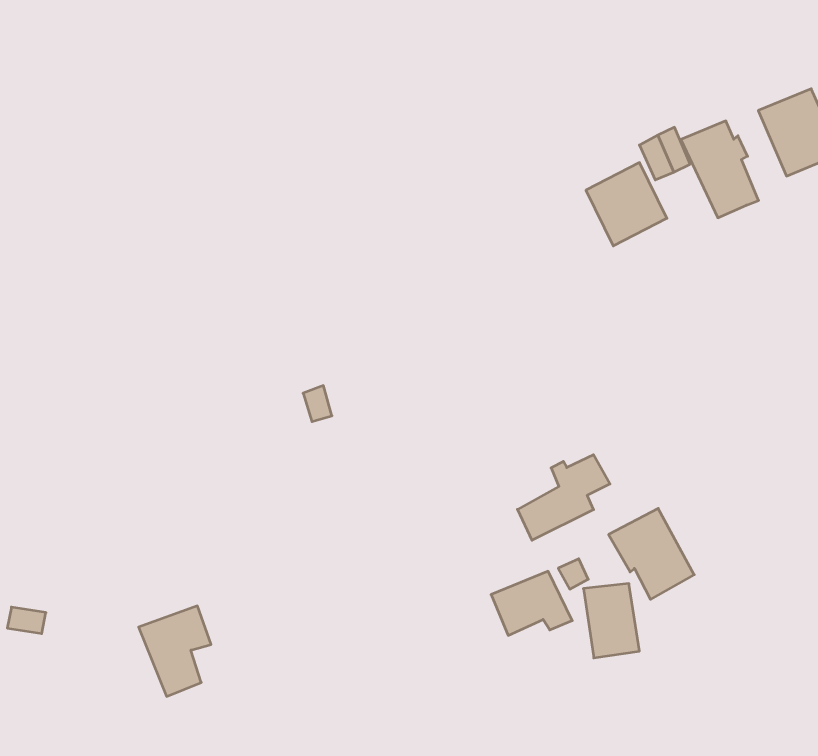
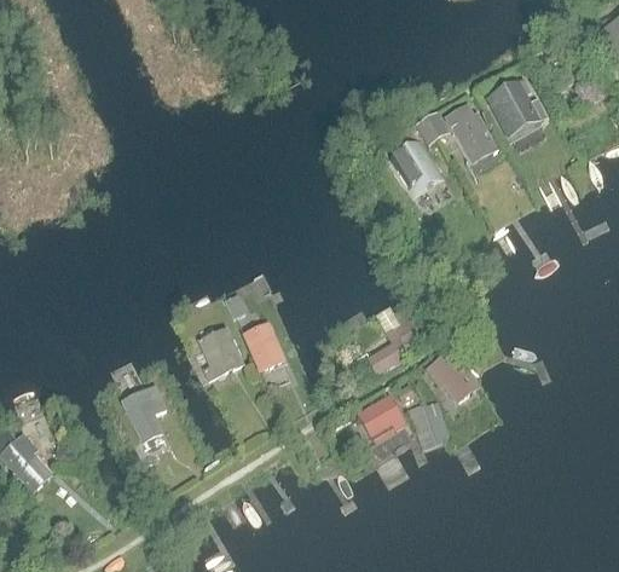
building: none -> [241,320,284,371]
building: none -> [198,327,242,379]
building: [139,606,211,696] -> [120,386,166,444]

